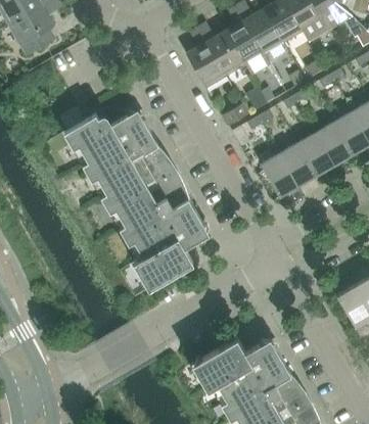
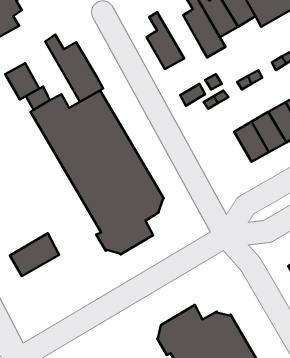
building: [198,21,245,76] -> none
building: none -> [45,35,103,102]
building: none -> [5,63,39,100]
building: [262,153,298,196] -> none
building: none -> [10,233,59,276]

